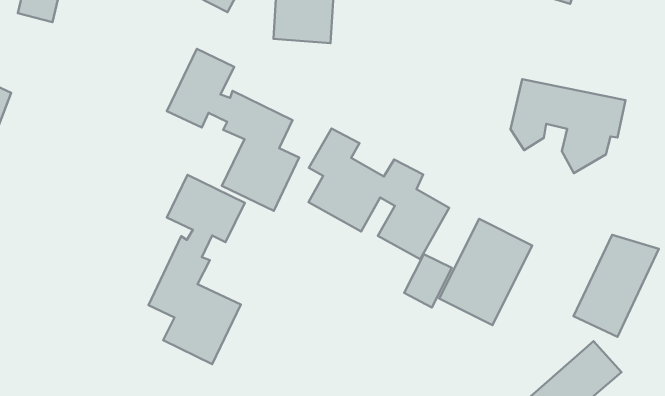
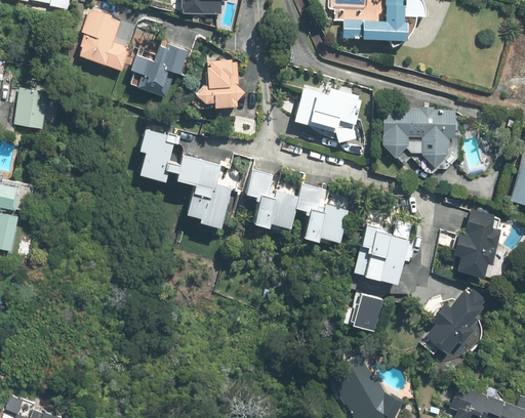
building: none -> [291,82,359,136]
building: [148,175,245,364] -> none
building: [404,254,452,308] -> [353,294,383,331]

